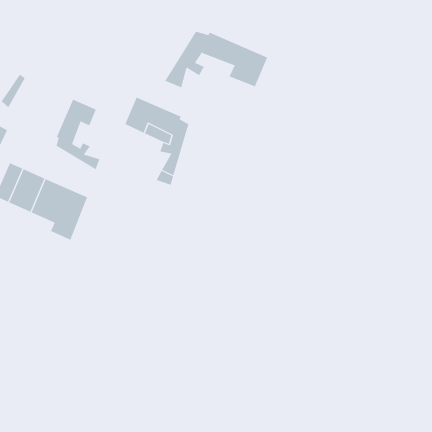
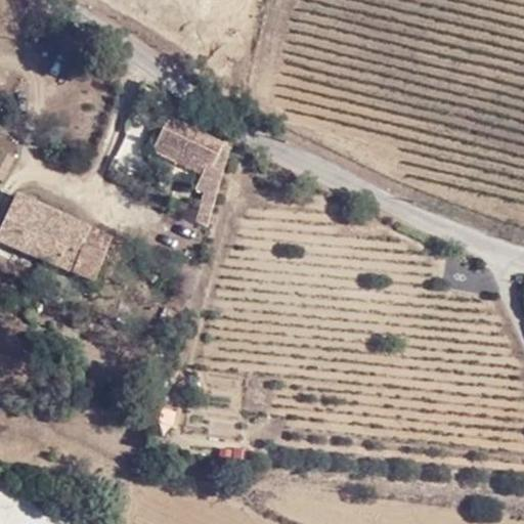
building: [164,31,268,88] -> none
building: [56,99,100,170] -> none

